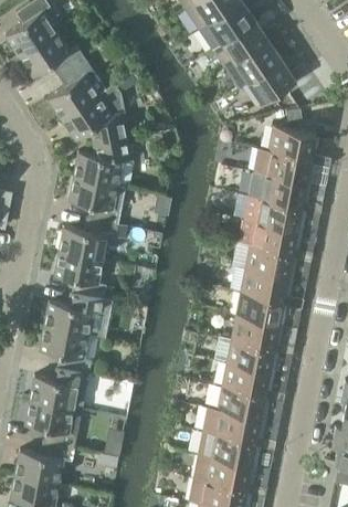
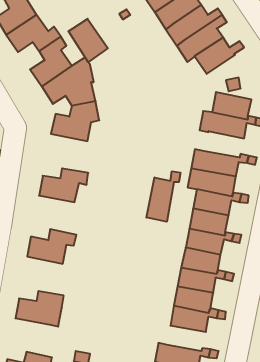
building: none -> [68,19,108,62]
building: [259,175,307,207] -> none
building: [68,178,120,225] -> none
building: none -> [146,171,180,222]
building: [54,253,106,300] -> none
building: [40,327,92,374] -> none
building: [24,402,82,450] -> none
building: [203,409,261,442] -> none

